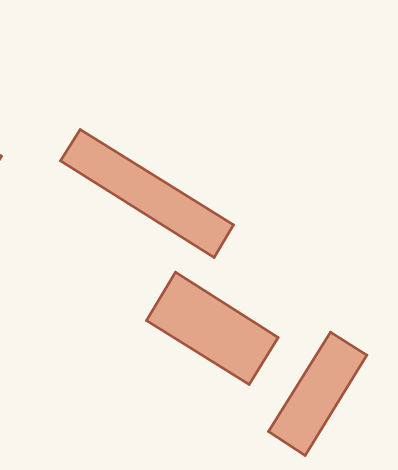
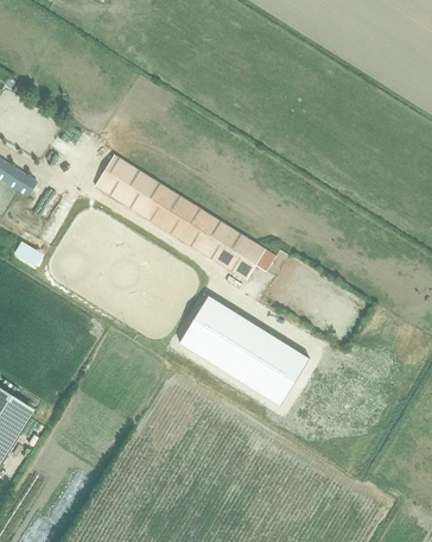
building: [269,332,367,455] -> none

